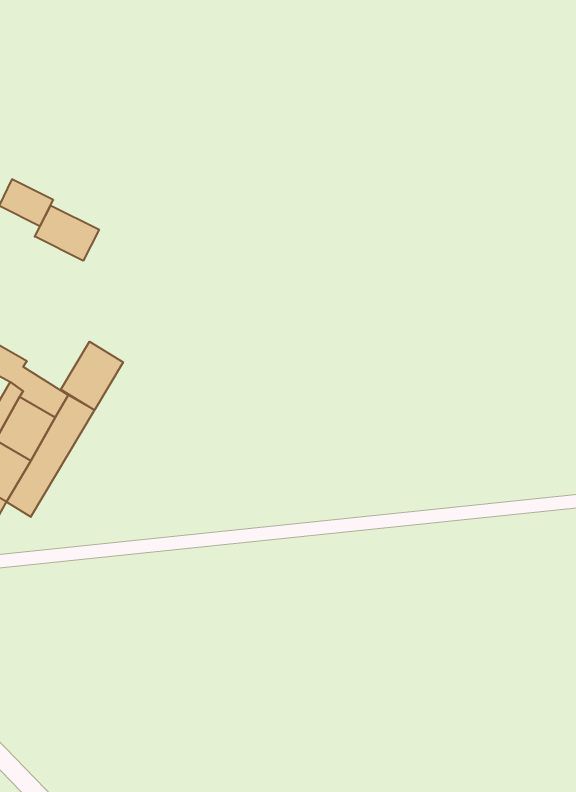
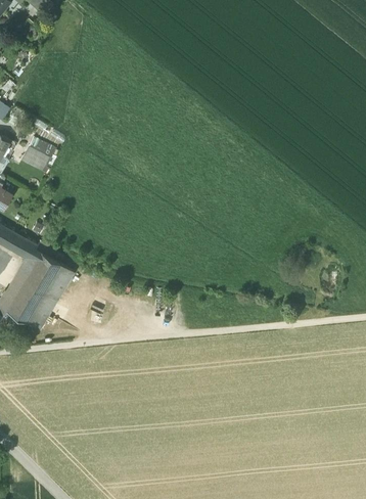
building: [35,205,99,261] -> none
building: [61,342,123,410] -> none

